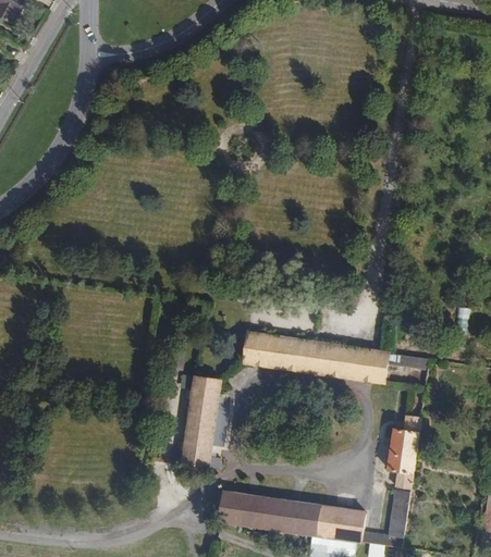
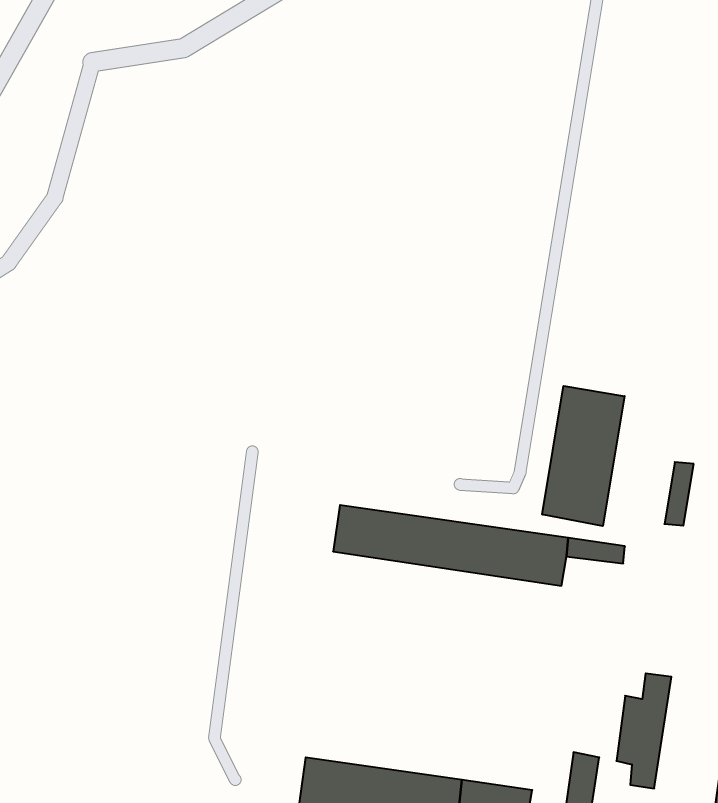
building: none -> [542,386,625,526]
building: [181,376,223,468] -> none
building: [386,414,421,487] -> [616,673,671,788]

